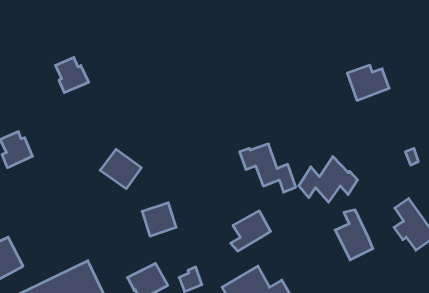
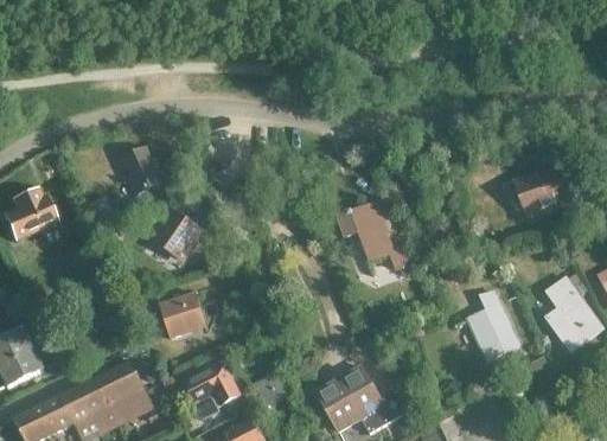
building: [55,57,89,93] -> [121,147,166,194]
building: [347,65,389,100] -> [512,170,569,217]
building: [299,156,358,202] -> none
building: [142,203,176,236] -> [159,292,205,337]
building: [231,211,271,251] -> none

